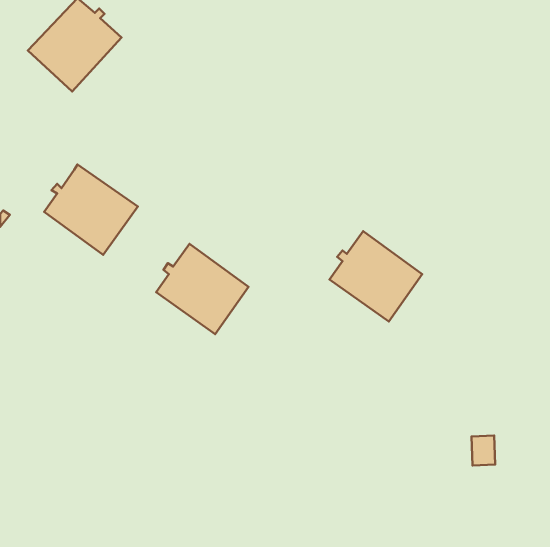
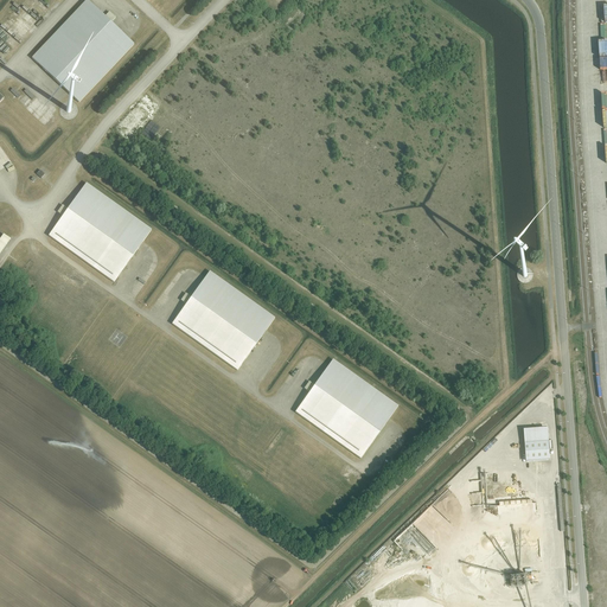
building: [330,231,422,321] -> [295,357,397,456]
building: [472,435,495,466] -> [525,427,551,460]

